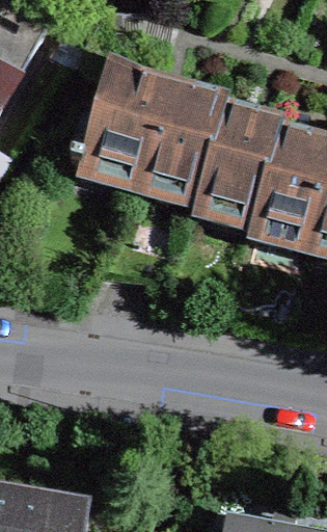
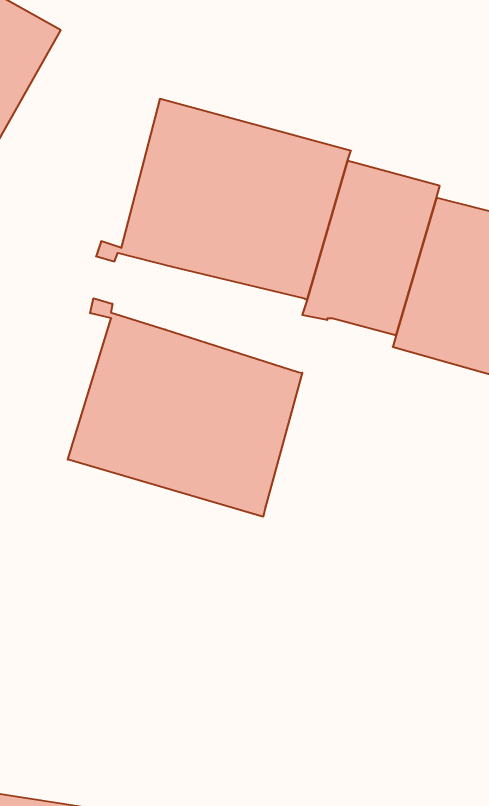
building: none -> [68,298,302,517]

